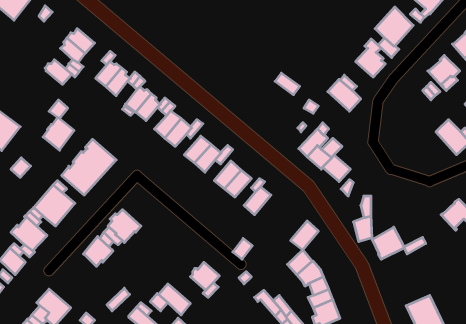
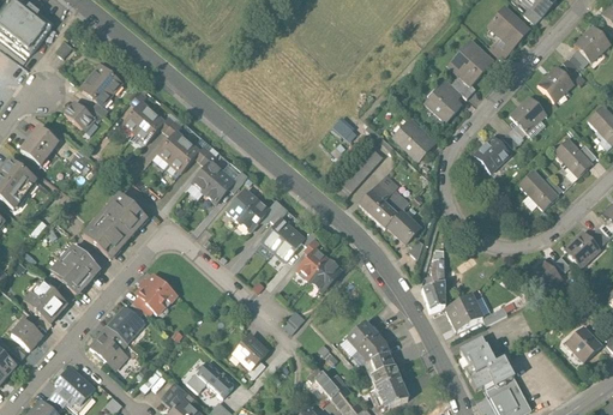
building: none -> [474,136,510,172]
building: [43,117,74,150] -> [22,126,58,164]
building: [291,221,318,250] -> [308,258,341,291]
building: none -> [90,326,127,365]
building: none -> [461,338,512,391]

